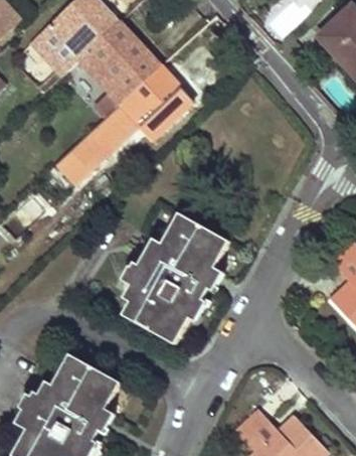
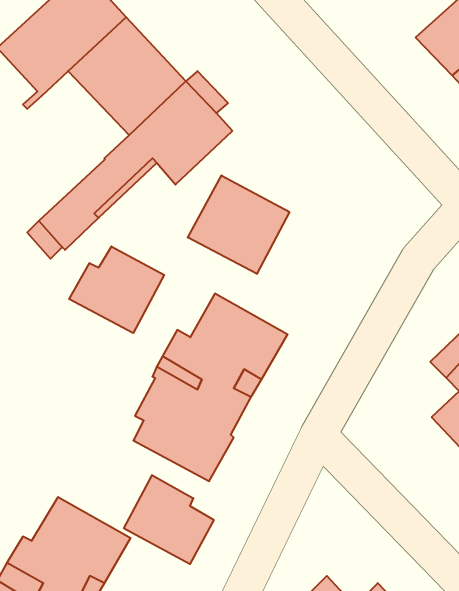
building: none -> [188,175,289,274]
building: none -> [69,246,164,333]
building: none -> [124,475,214,564]

